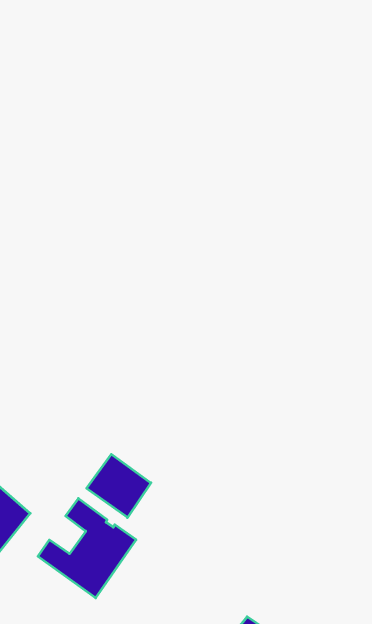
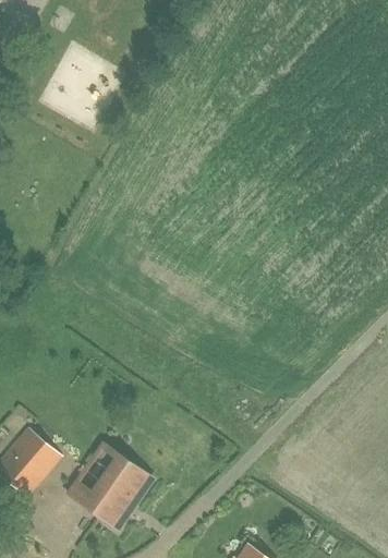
building: [87,454,151,518] -> none

